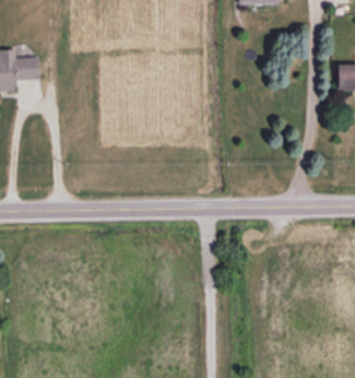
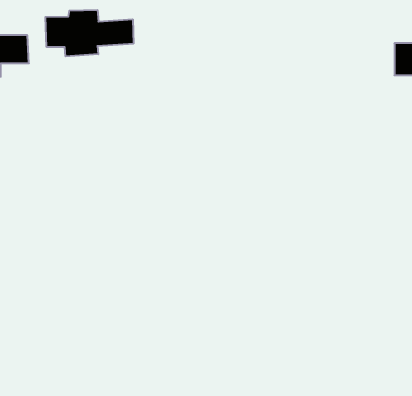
building: none -> [45,10,133,56]

